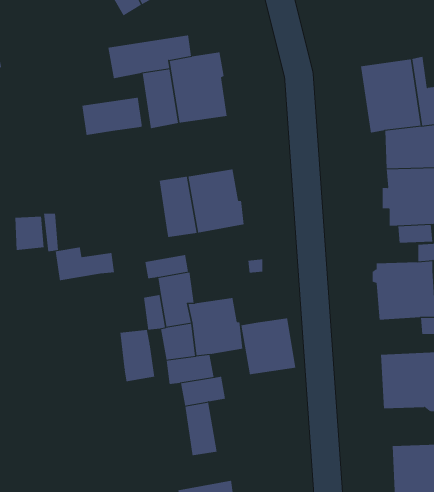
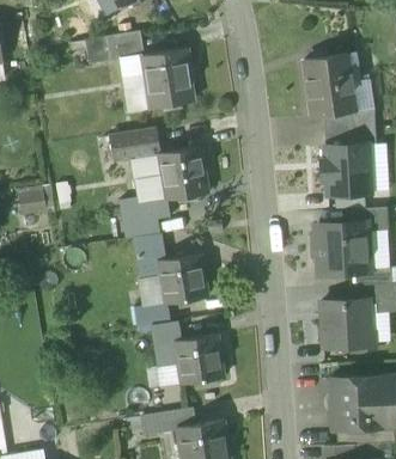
building: [81,97,143,136] -> [108,127,159,159]
building: [55,247,115,281] -> [118,195,169,224]
building: [241,318,296,375] -> [176,335,223,382]
building: [120,329,155,382] -> none

